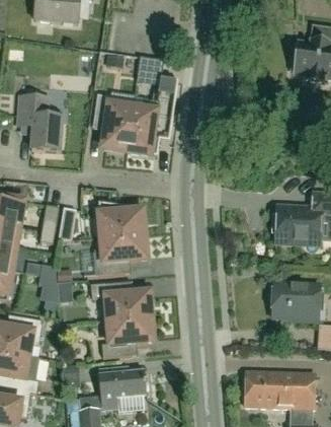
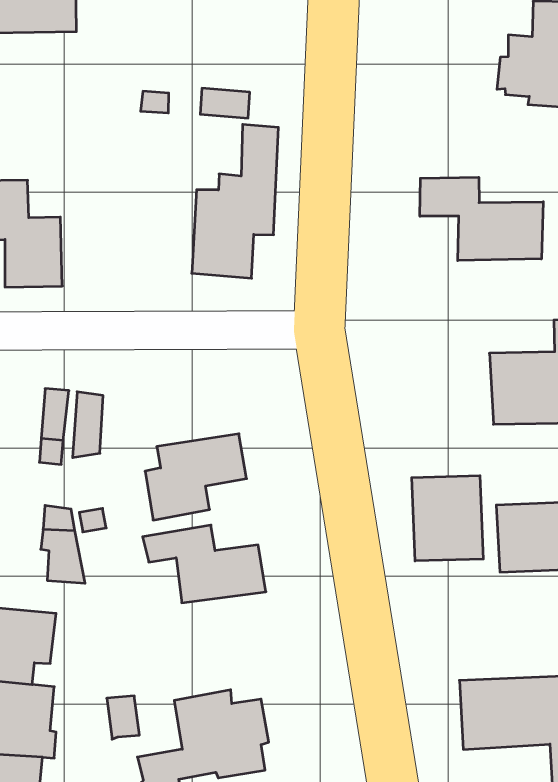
building: [93,94,133,150] -> none
building: none -> [420,177,543,261]
building: [98,202,144,237] -> none
building: none -> [412,476,483,561]
building: [101,316,153,356] -> none

